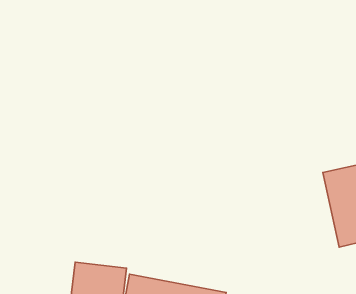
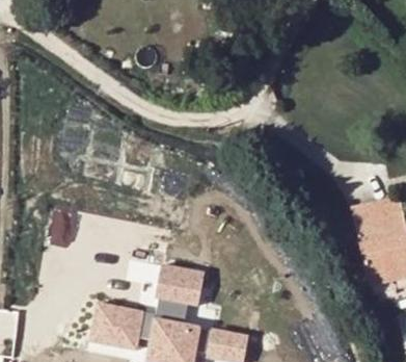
building: none -> [152,260,207,318]

